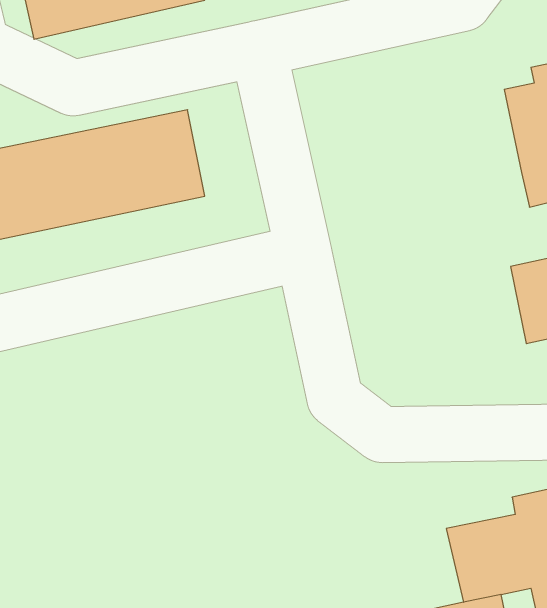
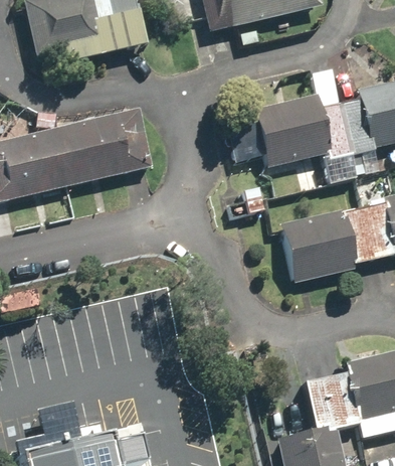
building: none -> [253,95,352,167]
building: none -> [282,210,356,281]

